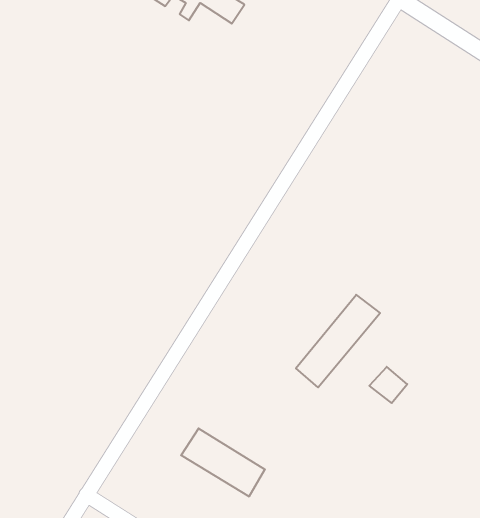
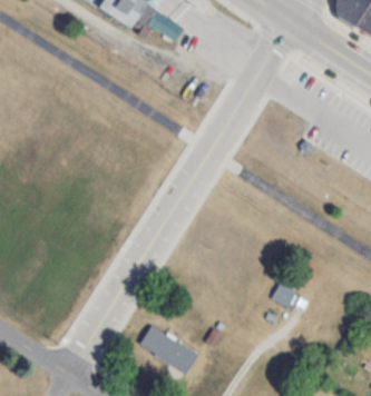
building: [296,295,380,387] -> none

